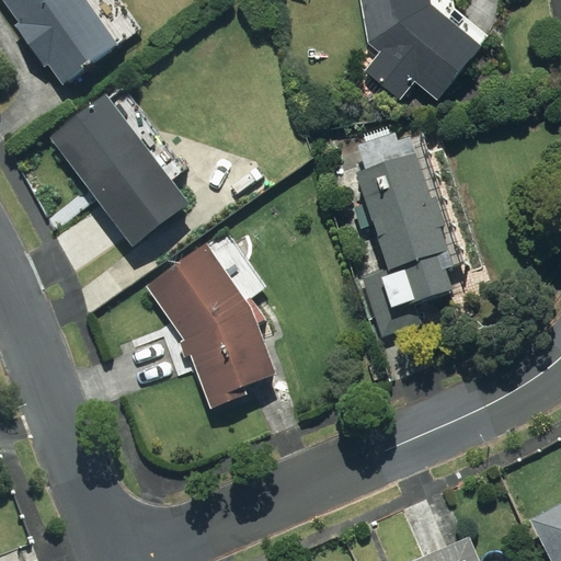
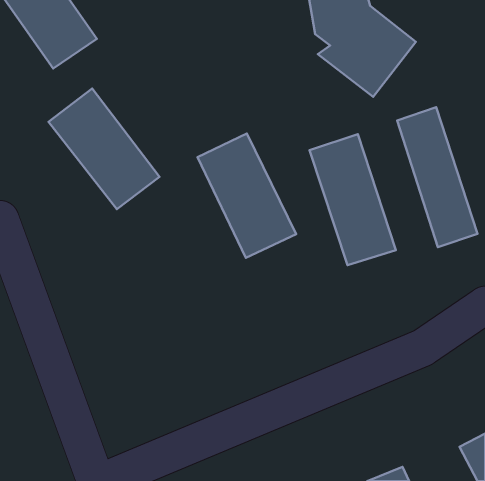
building: none -> [397,107,478,247]
building: [156,251,270,394] -> [198,133,296,258]

